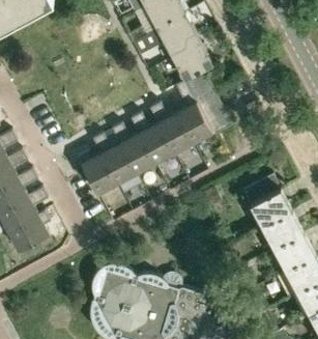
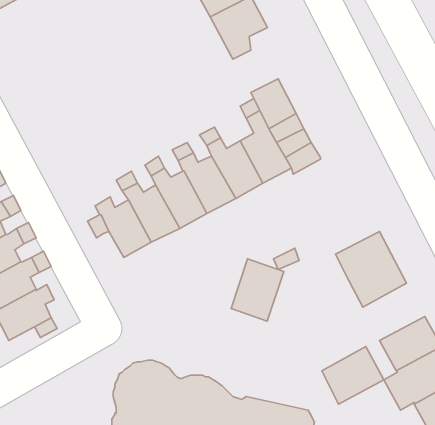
building: [173,38,213,83] -> none
building: none -> [231,259,284,321]
building: [262,214,305,253] -> [322,347,384,404]

